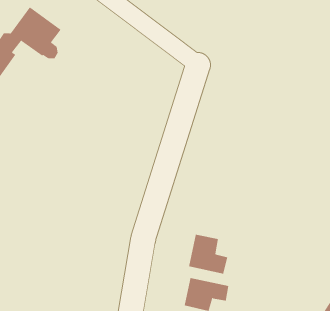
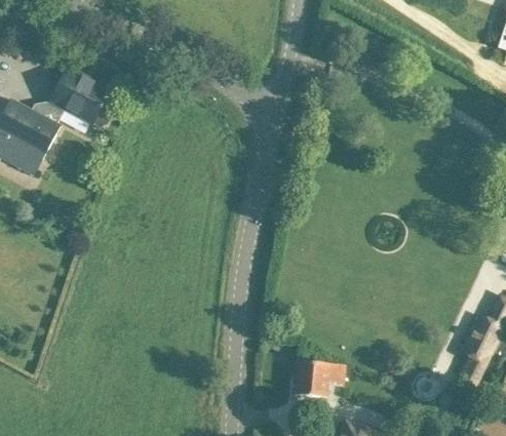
building: [189,234,228,275] -> none

